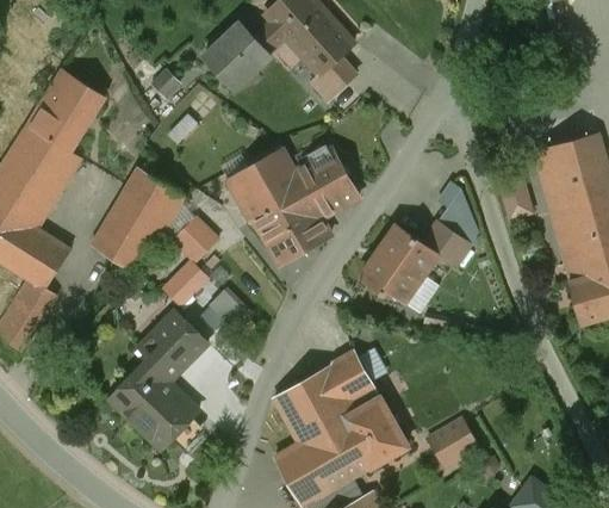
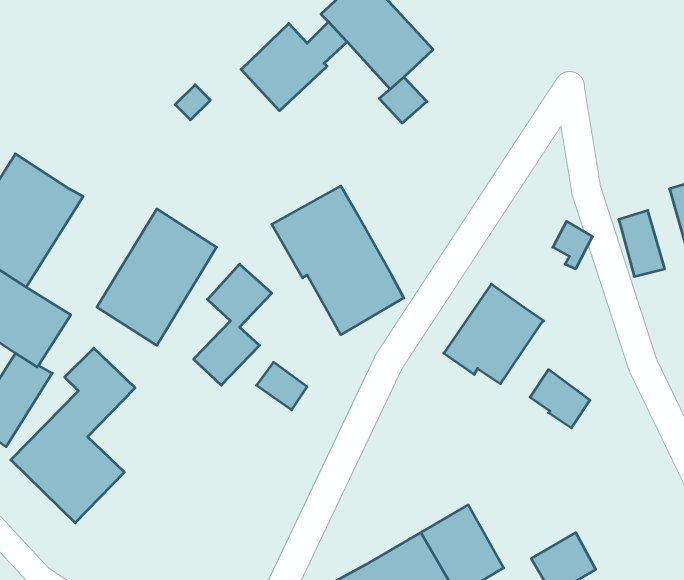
building: [27,69,104,151] -> none
building: [293,150,358,218] -> none
building: [422,222,468,267] -> [530,370,590,428]
building: [110,312,206,448] -> [11,348,135,523]
building: [273,351,379,444] -> none

